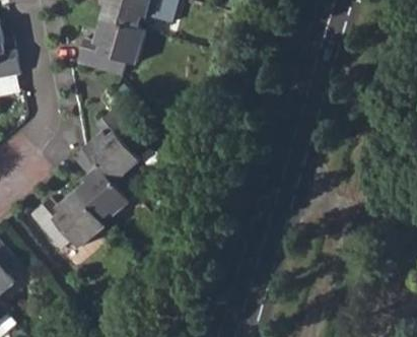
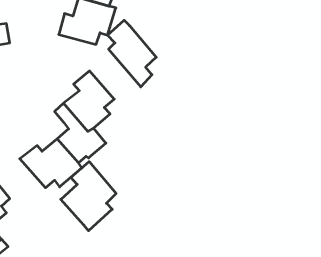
building: none -> [108,20,156,87]
building: none -> [61,162,116,231]

